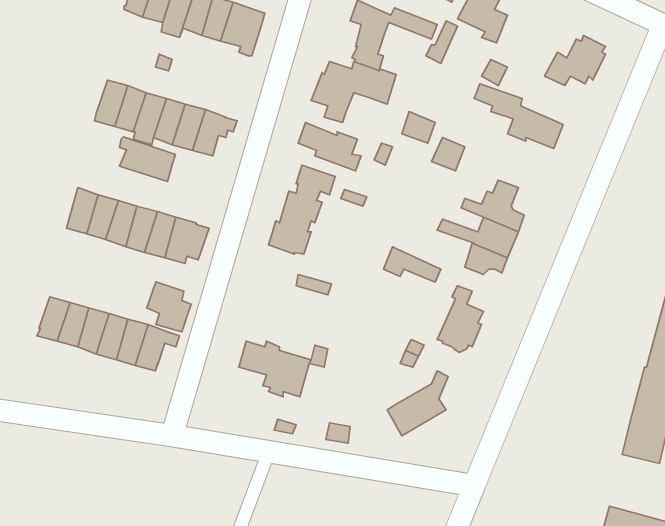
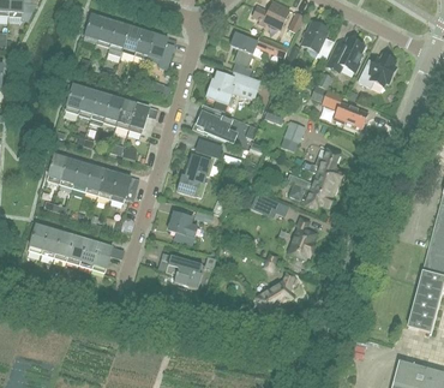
building: none -> [326,37,365,71]
building: [119,137,175,181] -> none
building: [147,282,191,332] -> [168,211,197,244]

